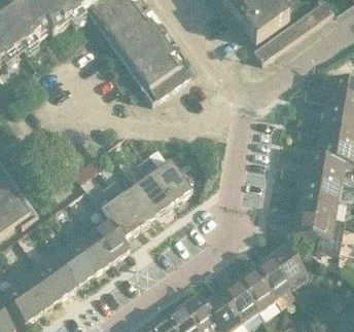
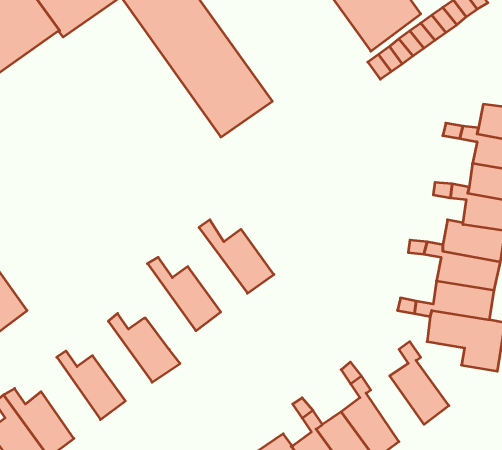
building: [135,158,174,214] -> none
building: [100,182,140,238] -> none
building: [72,220,111,272] -> none
building: [38,244,77,297] -> none
building: [252,256,290,299] -> none

